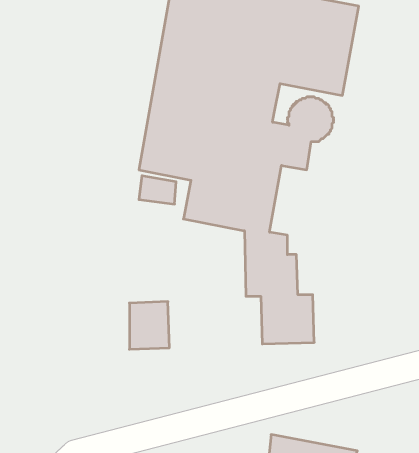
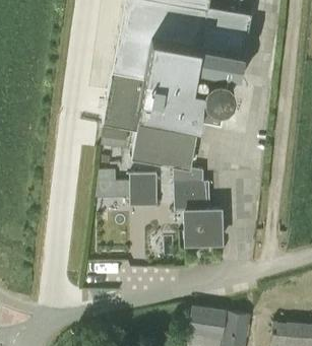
building: [129,302,169,349] -> [130,172,158,205]

